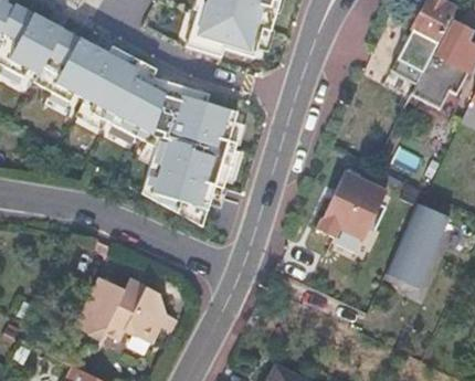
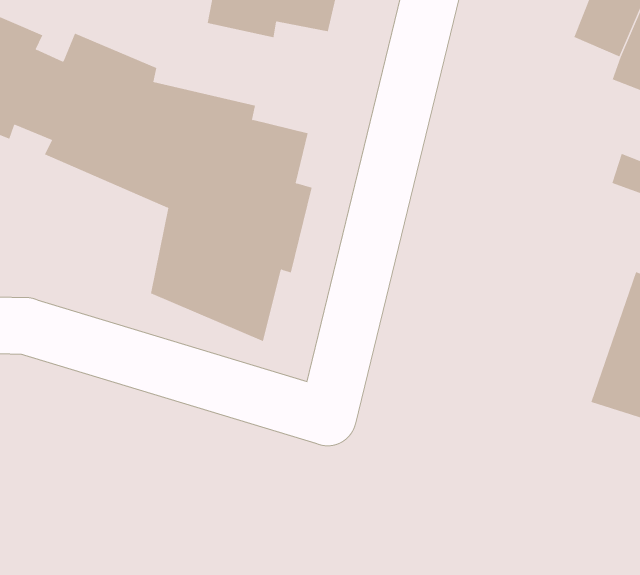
building: [318,170,387,237] -> none
building: [77,282,168,347] -> none

